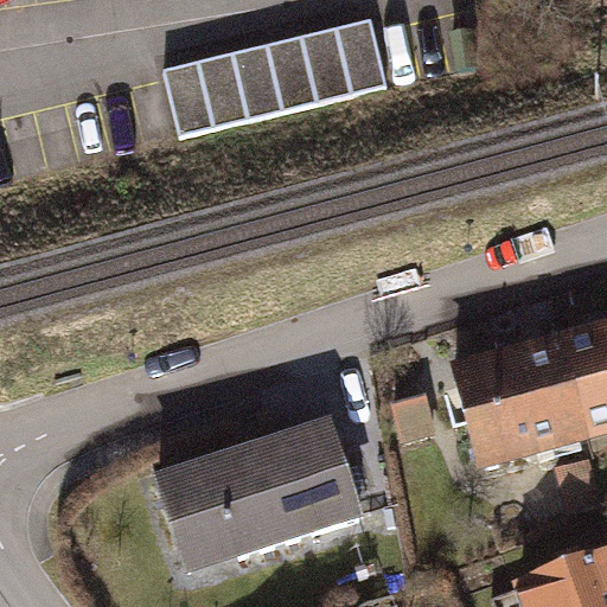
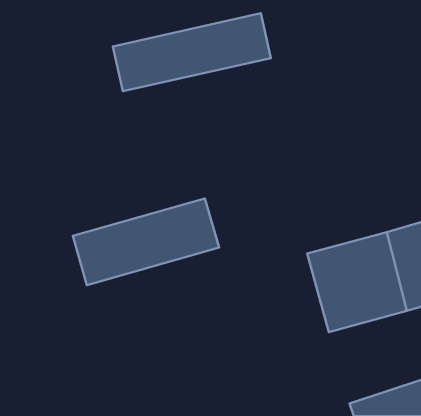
building: none -> [73,198,219,285]
building: [152,421,364,570] -> none

